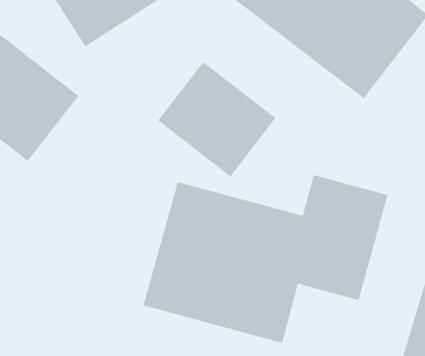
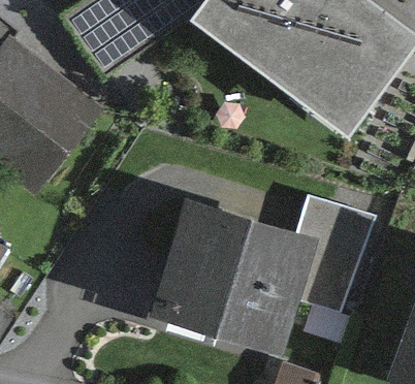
building: [157,61,277,177] -> none

